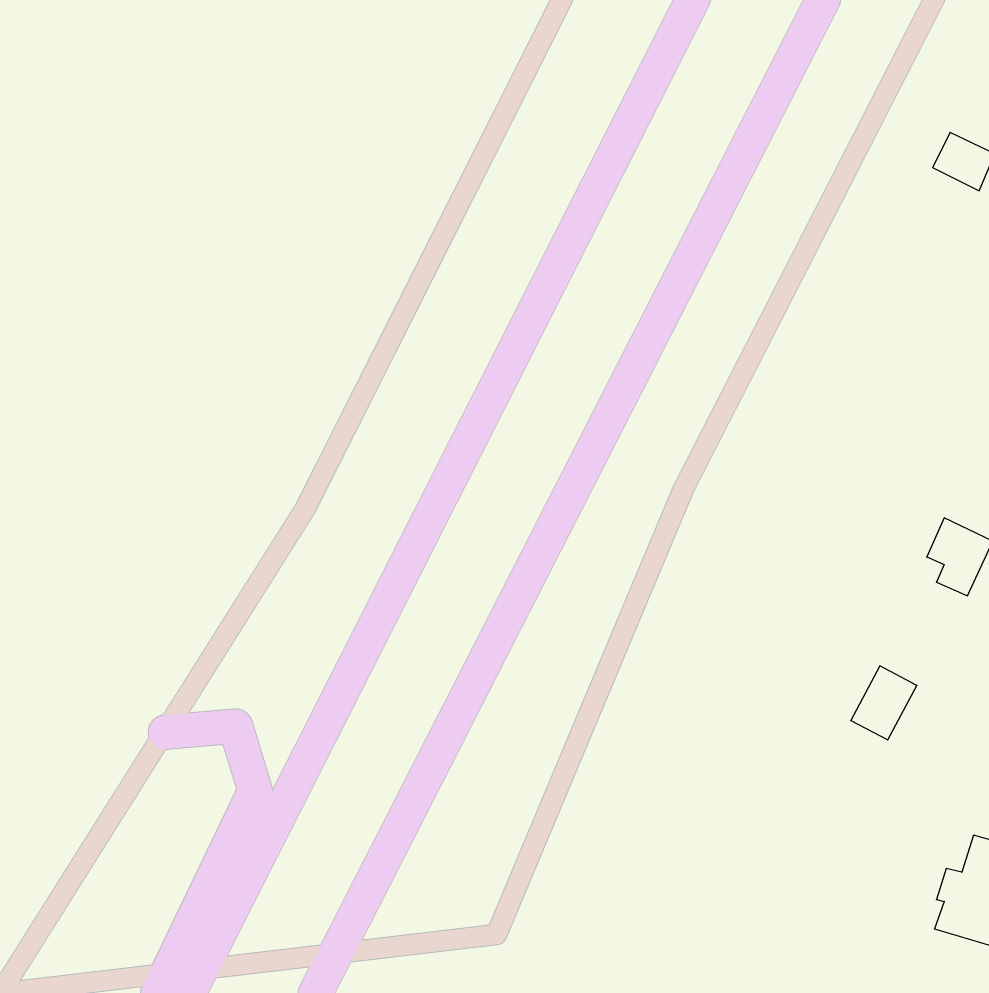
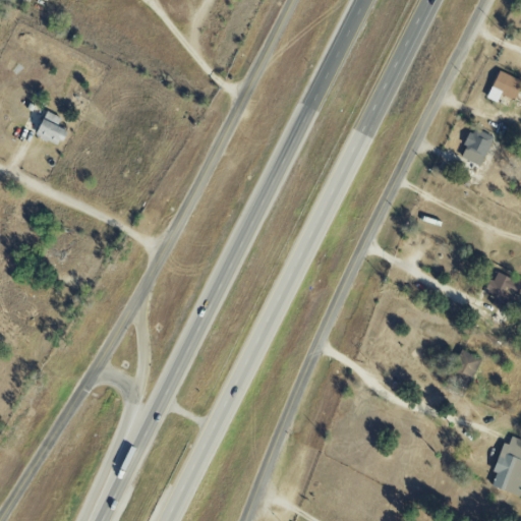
building: none -> [36,110,66,143]
building: none -> [461,126,495,165]

